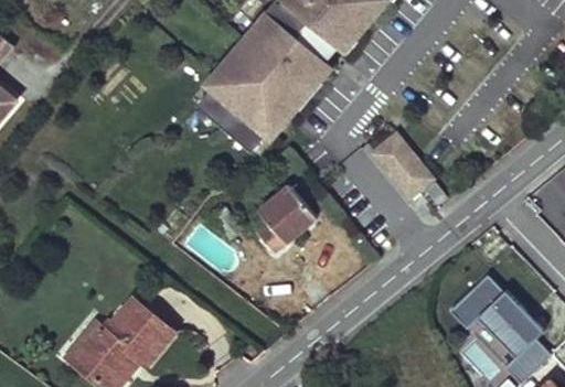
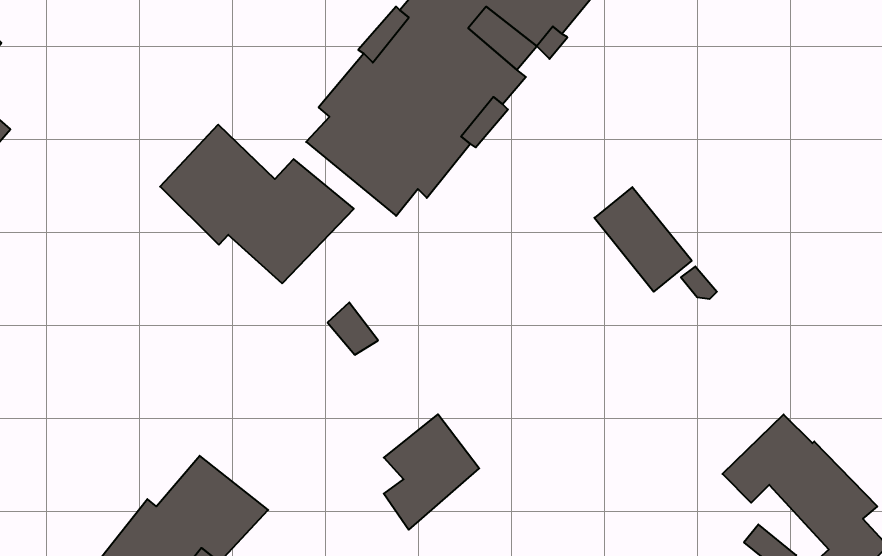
building: none -> [160,125,354,283]
building: [256,183,315,254] -> [384,414,479,530]

